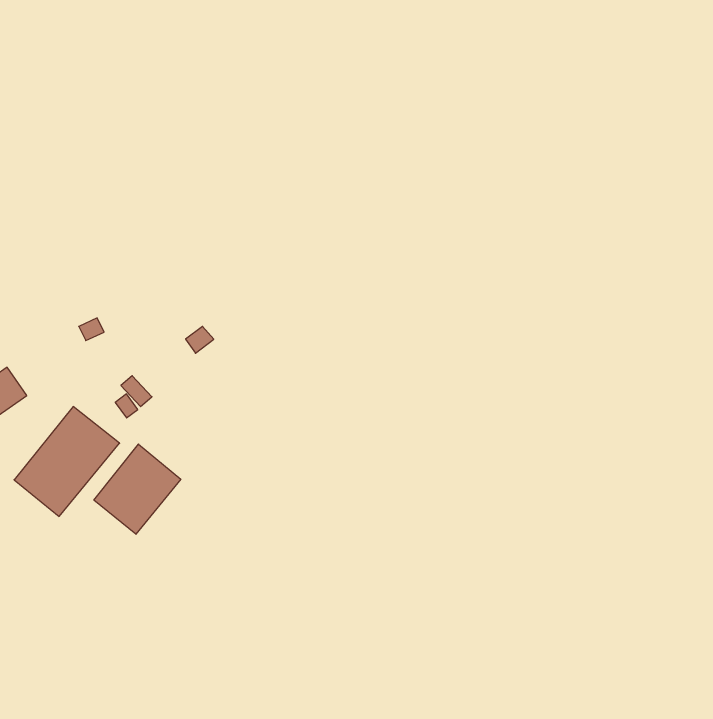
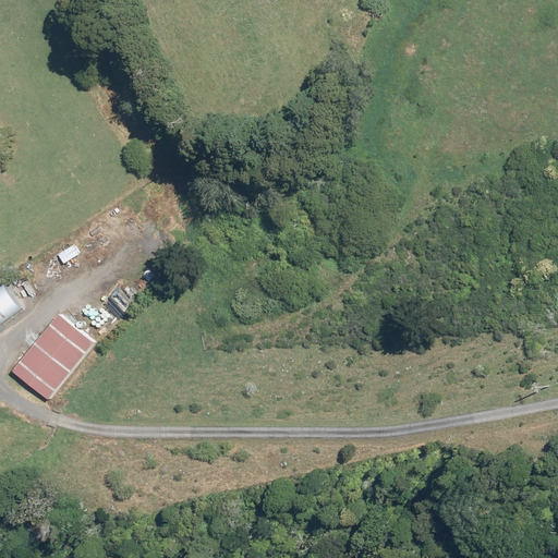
building: [94,444,181,534] -> none

